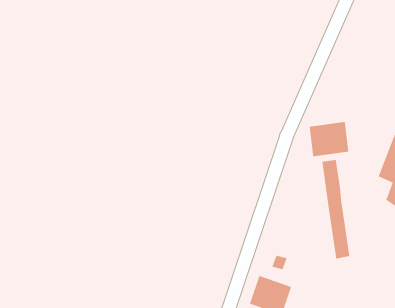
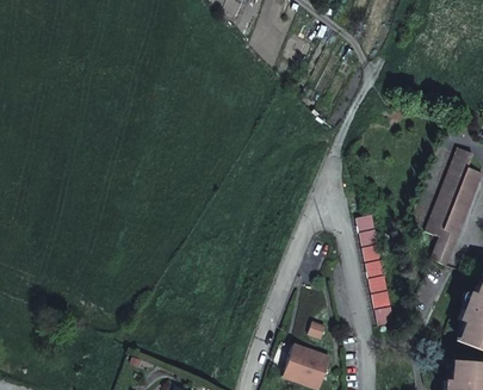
building: [309,121,349,157] -> none

